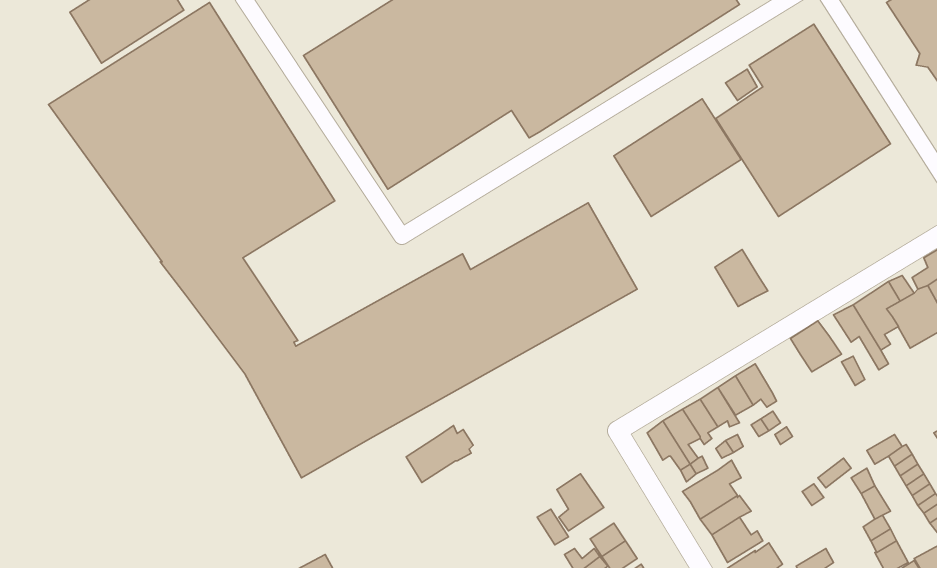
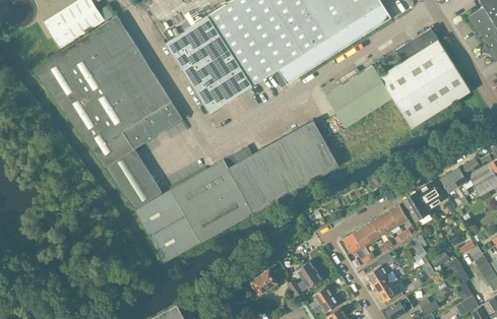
building: [715,250,768,307] -> [402,191,430,220]
building: [406,426,473,482] -> [251,264,286,294]

